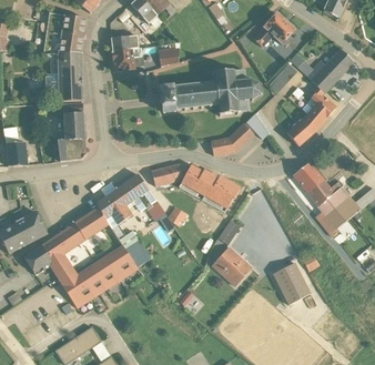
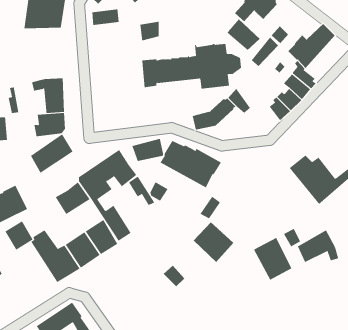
building: none -> [227,18,261,51]
building: [112,48,144,71] -> none
building: [44,53,83,101] -> none
building: [293,162,324,193] -> none
building: [42,222,85,262] -> [30,134,74,174]
building: none -> [297,230,339,263]

